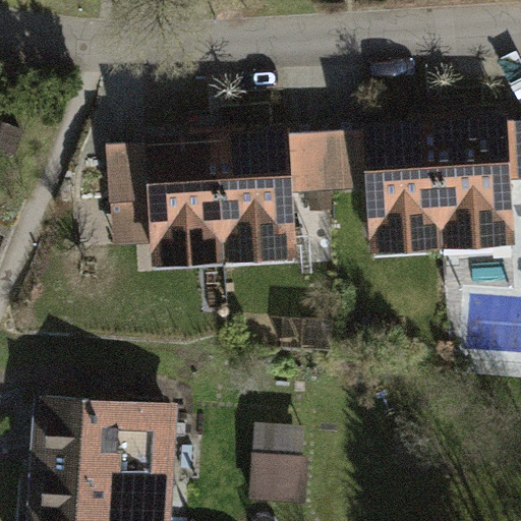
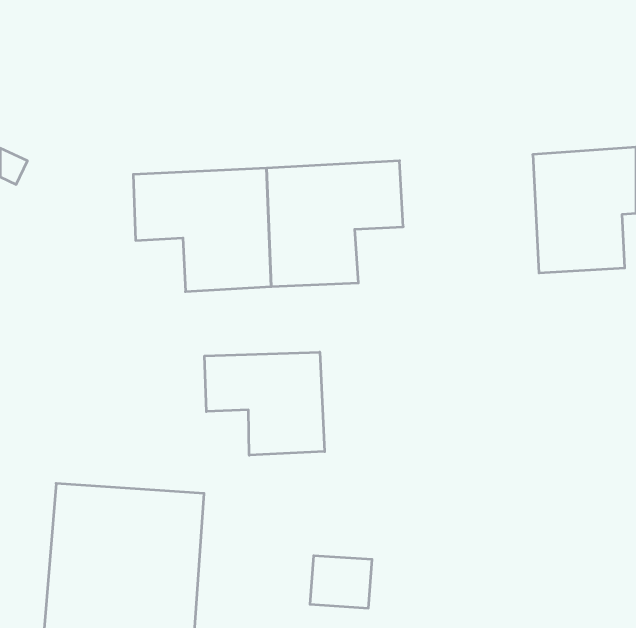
building: [327,133,441,234] -> none
building: none -> [205,352,325,455]

